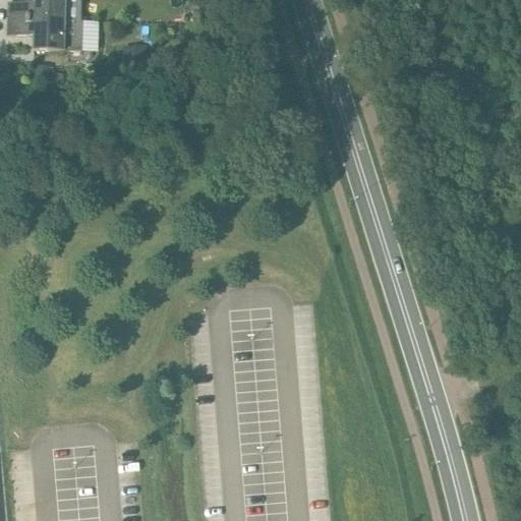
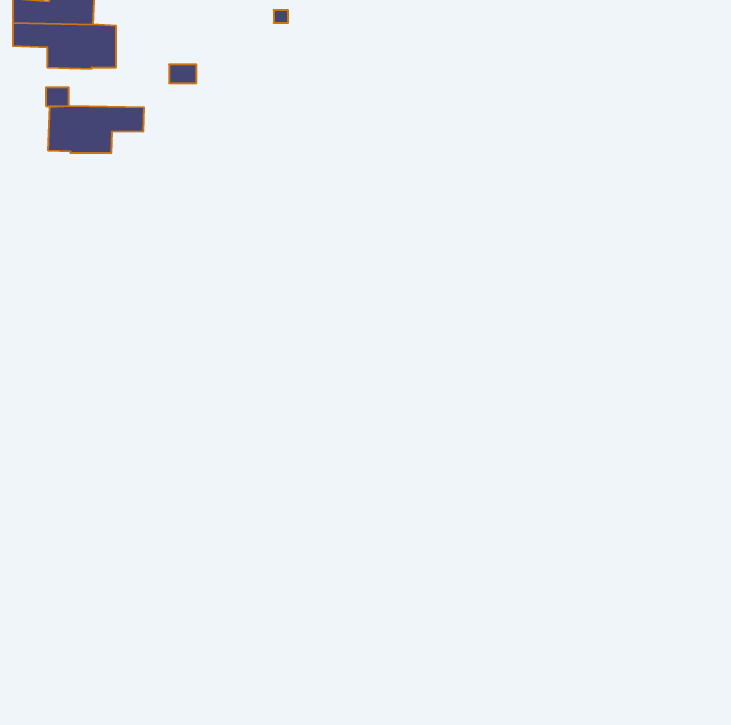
building: none -> [48,106,144,153]

